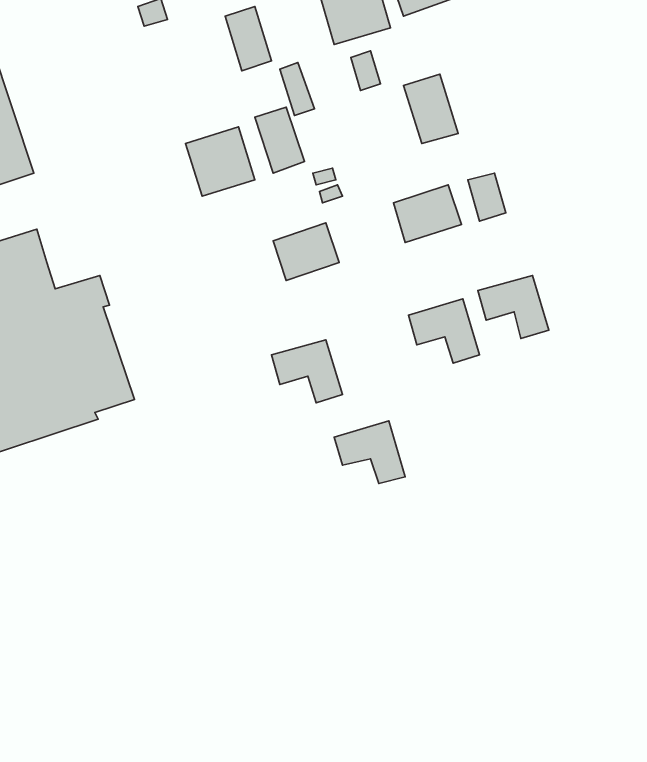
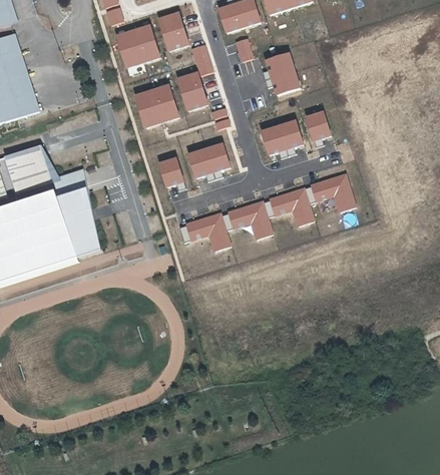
building: none -> [115,23,157,67]
building: none -> [157,155,185,190]
building: [334,421,405,483] -> [229,200,272,239]

